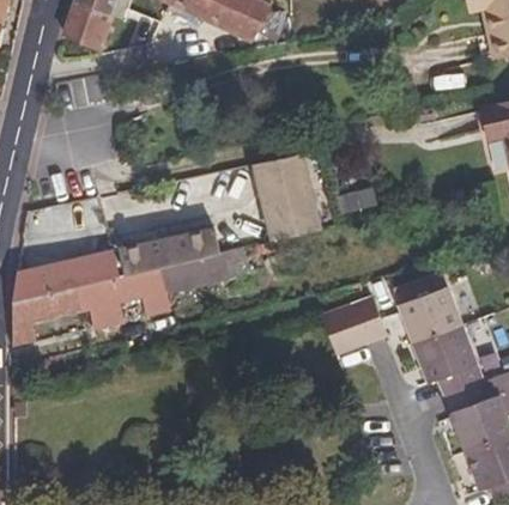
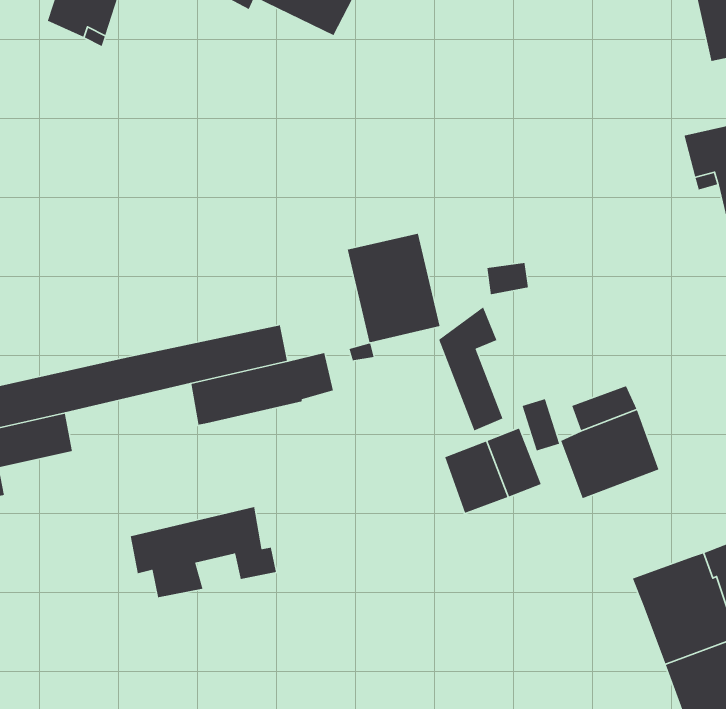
building: none -> [438,306,503,432]
building: [75,267,171,327] -> [130,506,277,598]
building: [412,323,484,394] -> none

